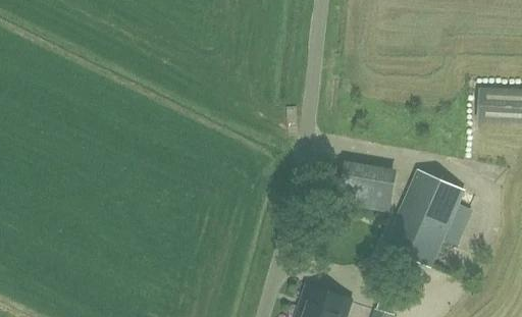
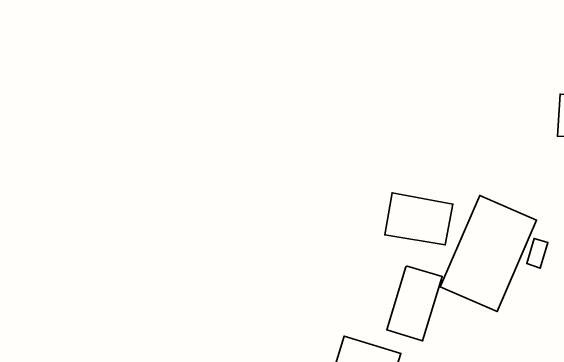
building: none -> [387,266,442,341]

